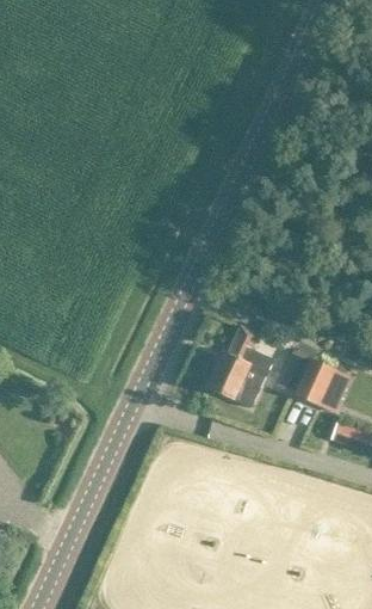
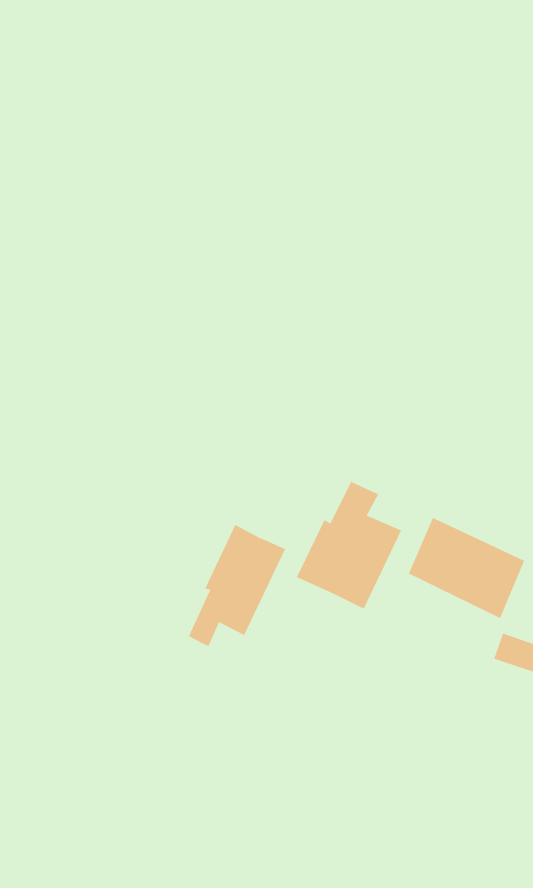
building: none -> [188,524,286,647]

